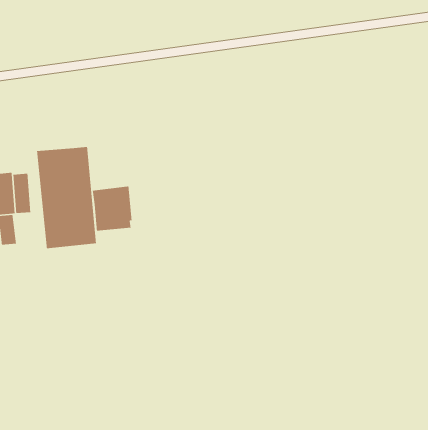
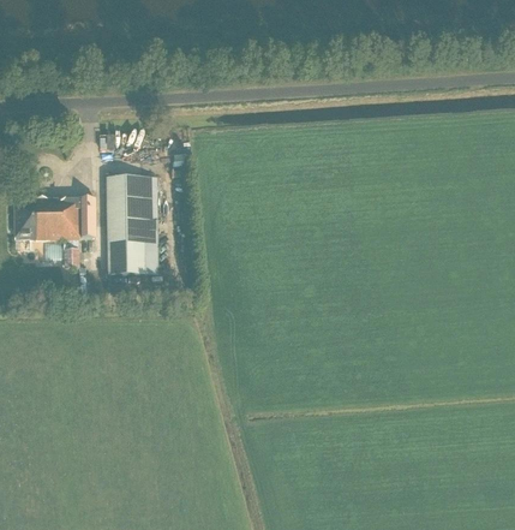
building: [92,186,133,231] -> none

